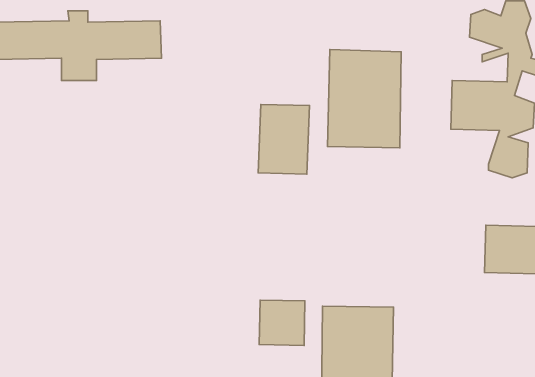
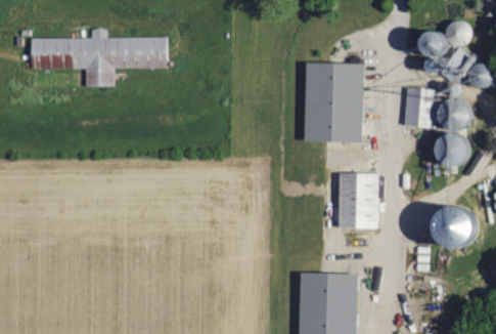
building: [258,104,309,174] -> [336,172,378,229]
building: [259,300,305,345] -> none

